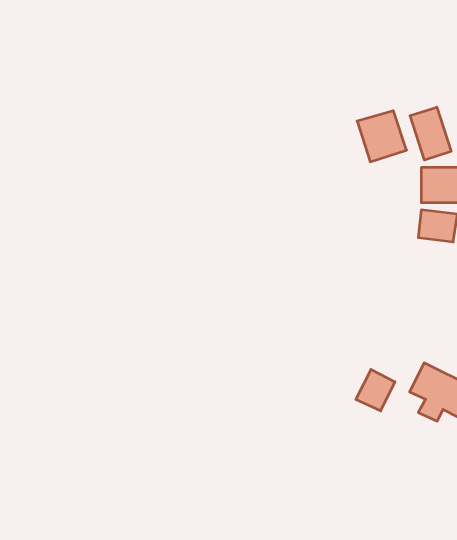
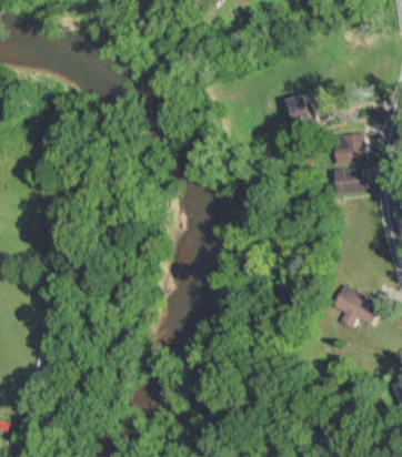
building: [410,107,451,160] -> none
building: [356,369,395,411] -> none

